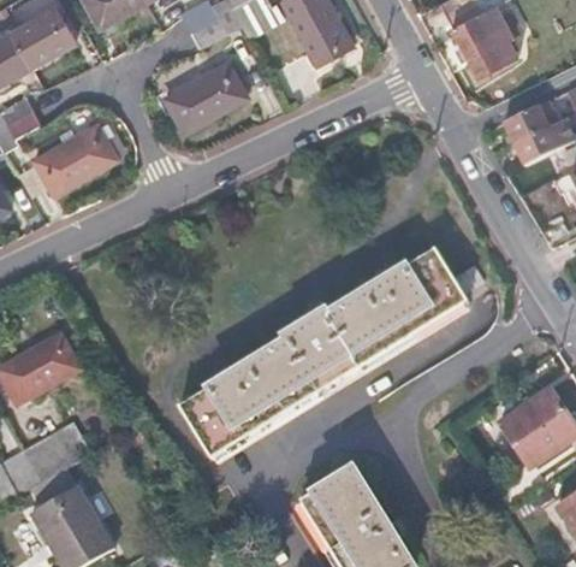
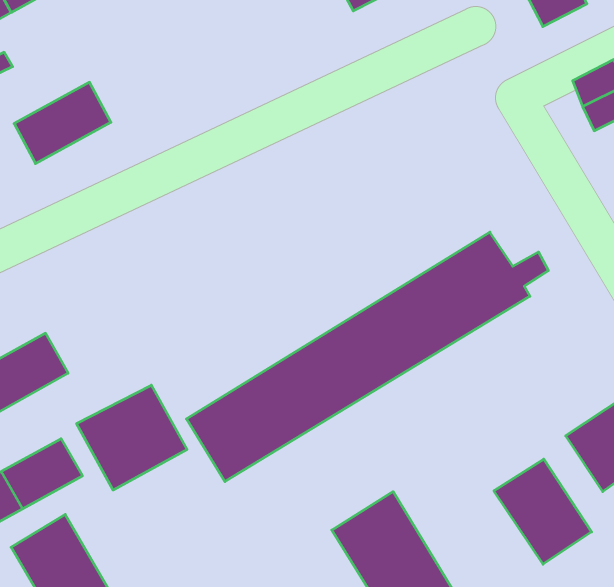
building: [166,59,245,129] -> none
building: none -> [77,385,187,490]
building: none -> [494,459,592,564]

